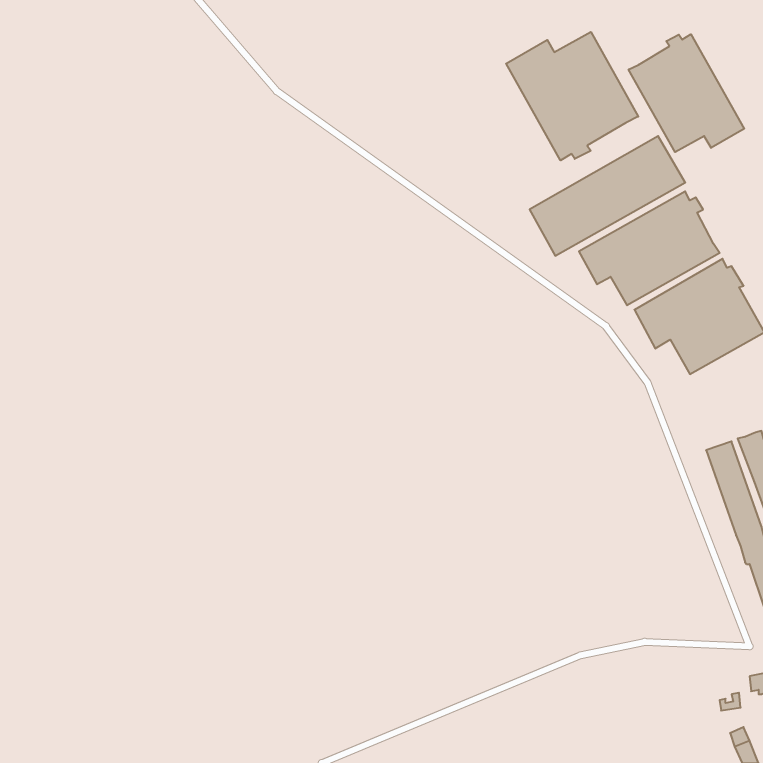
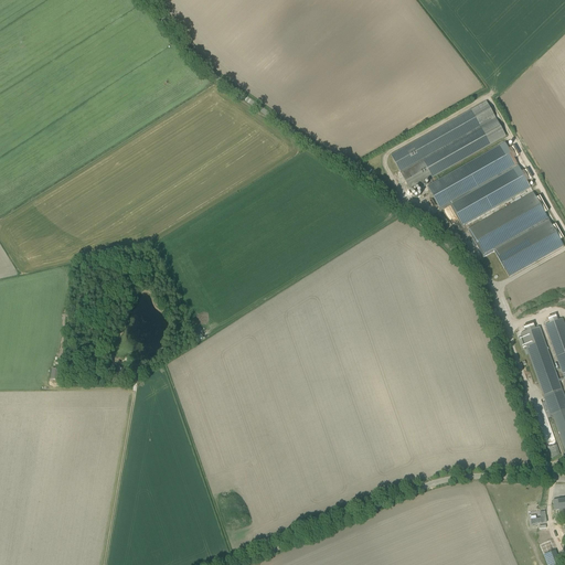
building: [506,32,638,160] -> none
building: [629,34,744,152] -> none

